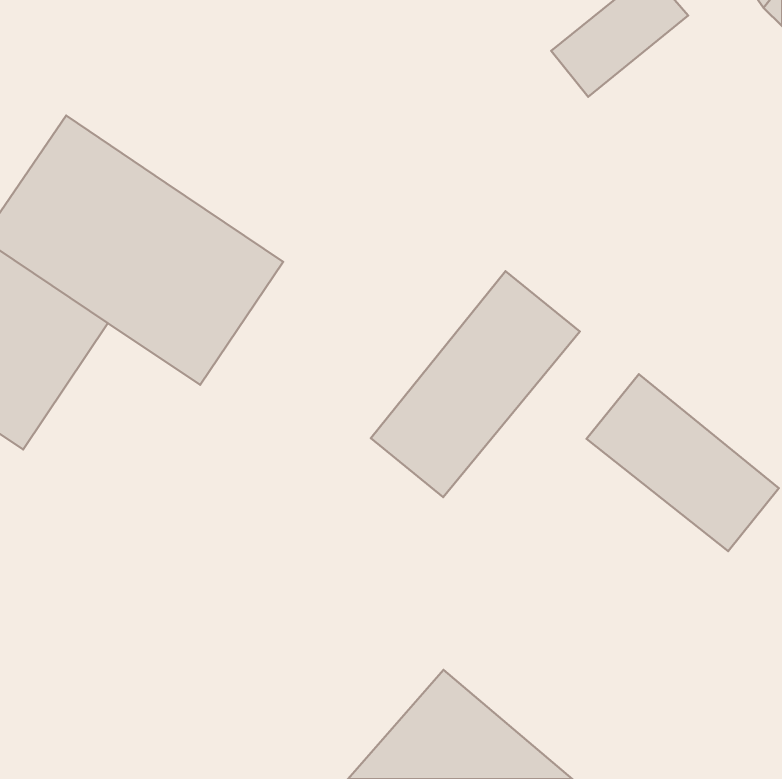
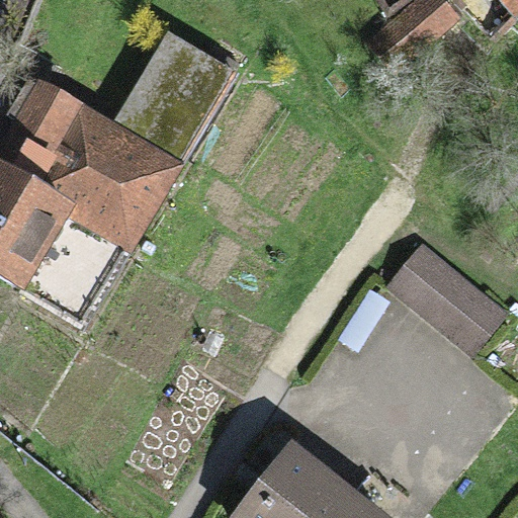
building: none -> [109,31,246,172]
building: [371,271,580,497] -> none

